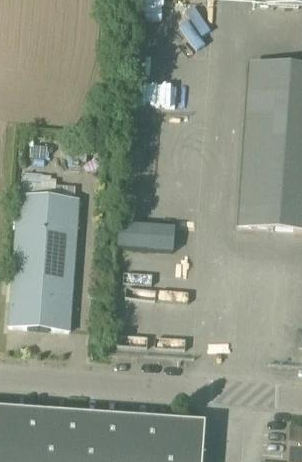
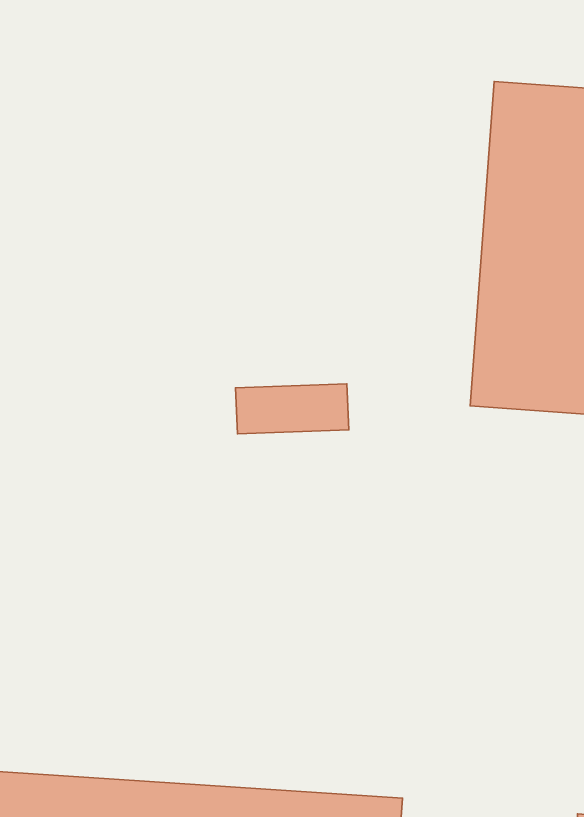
building: [10,191,79,327] -> none

